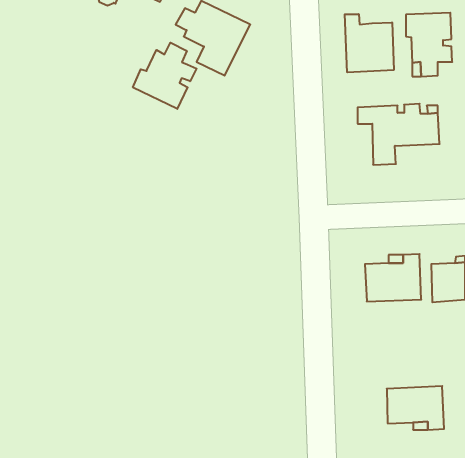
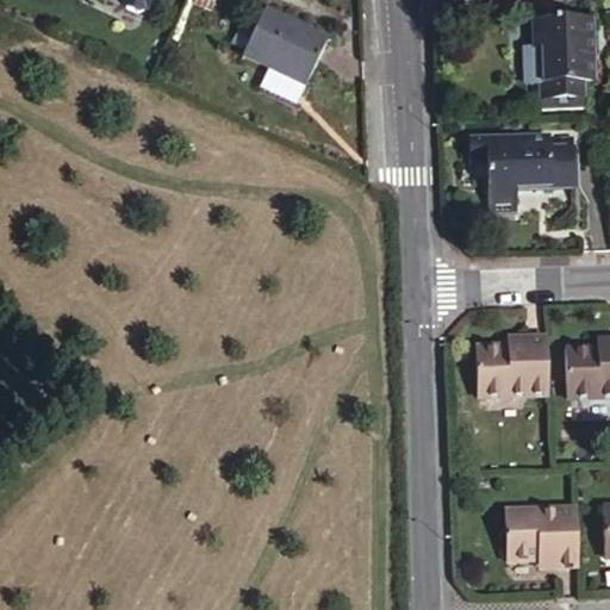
building: [345,14,394,72] -> none
building: [133,43,197,109] -> none

